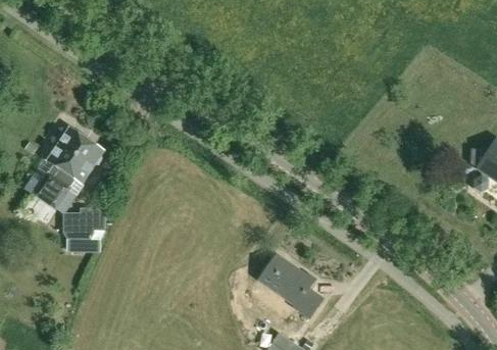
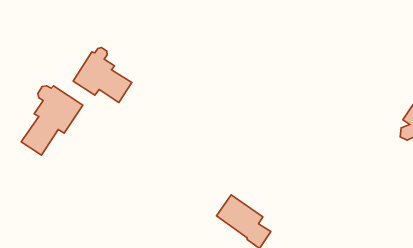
building: none -> [73,47,132,103]
building: [62,207,105,251] -> none

